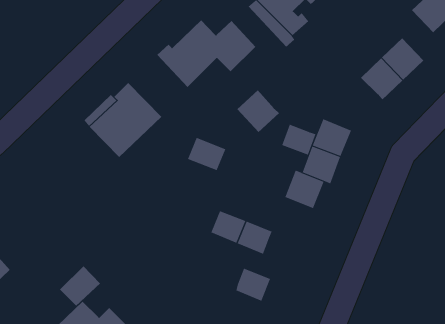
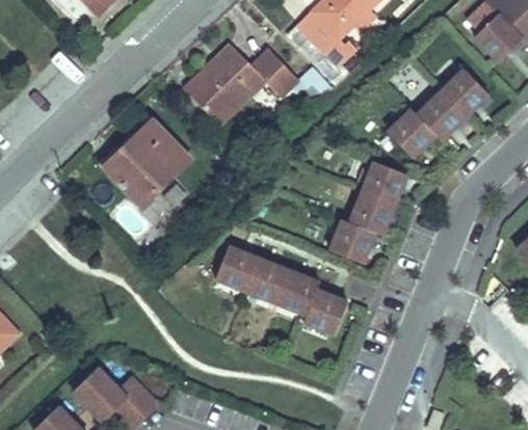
building: none -> [388,108,437,157]
building: [237,89,280,133] -> none
building: [281,124,316,156] -> none
building: [187,137,226,171] -> [212,251,257,290]
building: [59,266,101,306] -> none
building: [235,268,271,302] -> [305,296,345,334]

